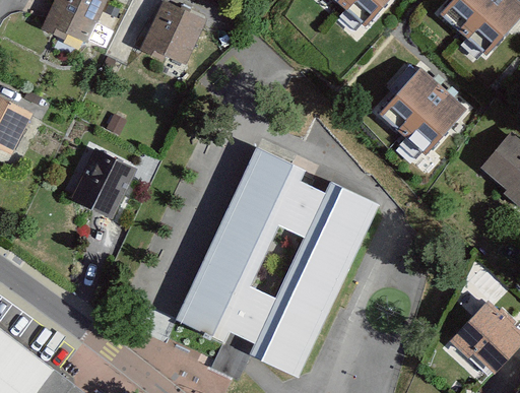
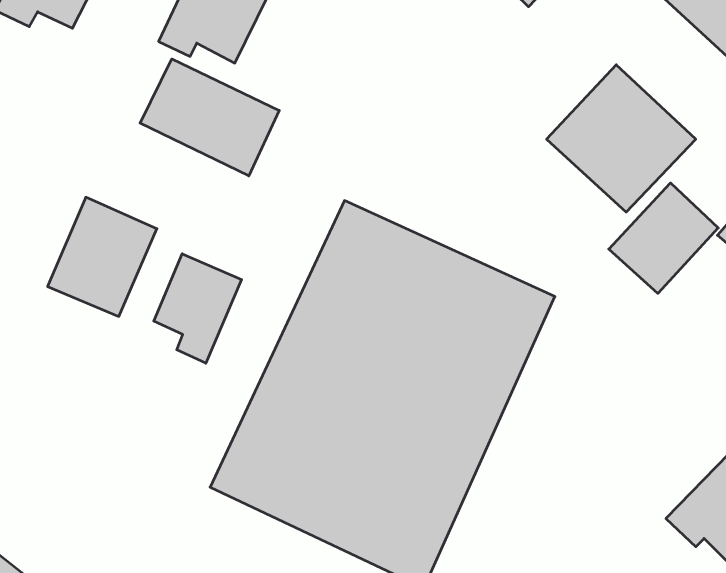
building: none -> [140,59,279,176]
building: none -> [609,183,718,293]
building: none -> [154,254,242,363]

